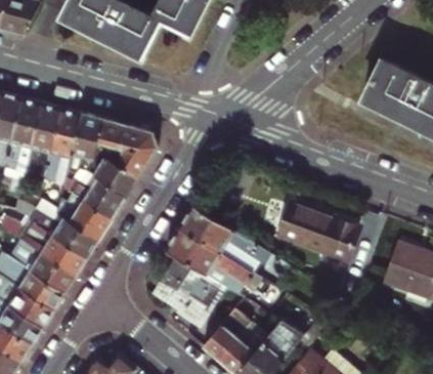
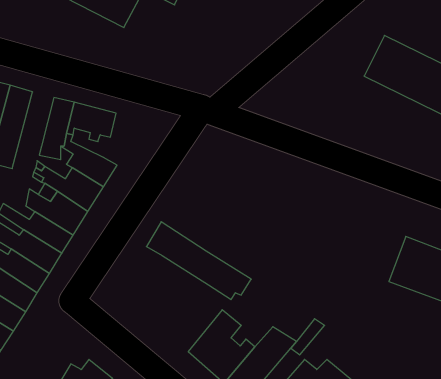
building: [42,111,80,183] -> none
building: [95,130,155,177] -> none
building: [277,205,358,263] -> none
building: [177,207,272,269] -> none
building: [157,259,220,324] -> none

